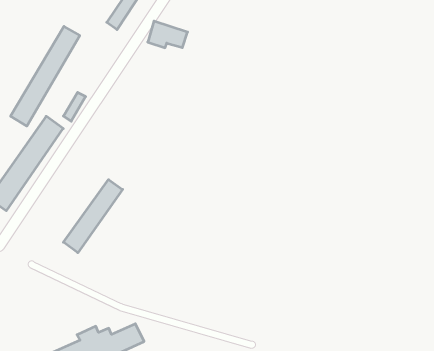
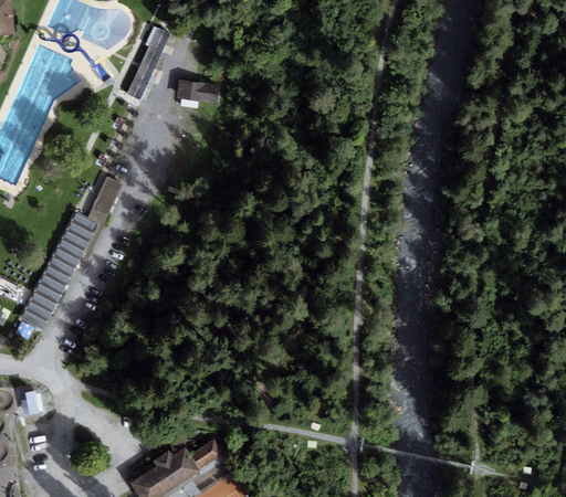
building: [11,26,80,126] -> none
building: [63,180,123,253] -> none

